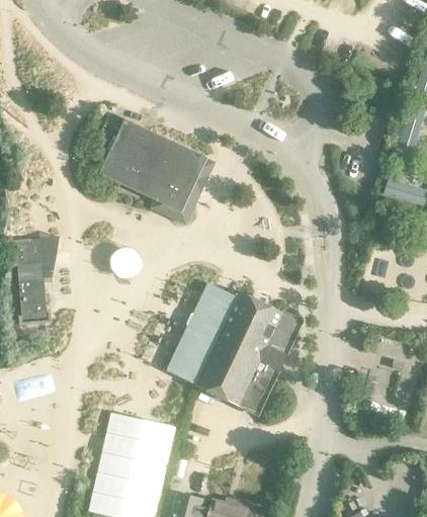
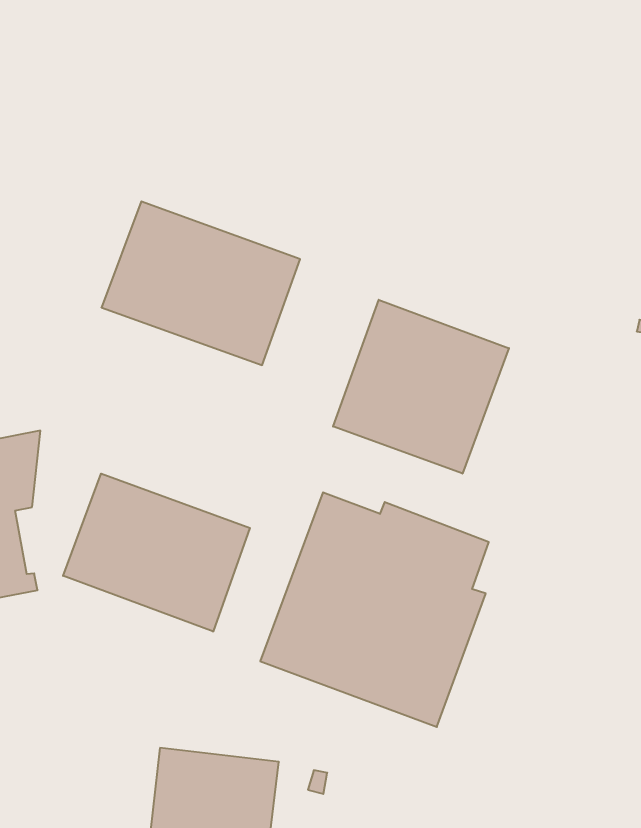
building: none -> [333,300,509,474]
building: none -> [63,474,250,632]

